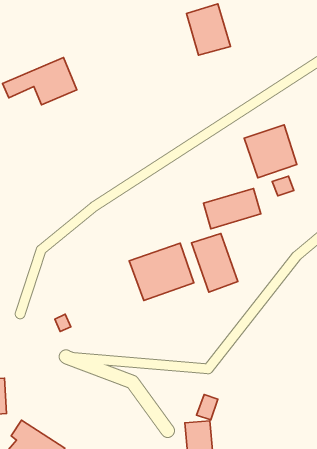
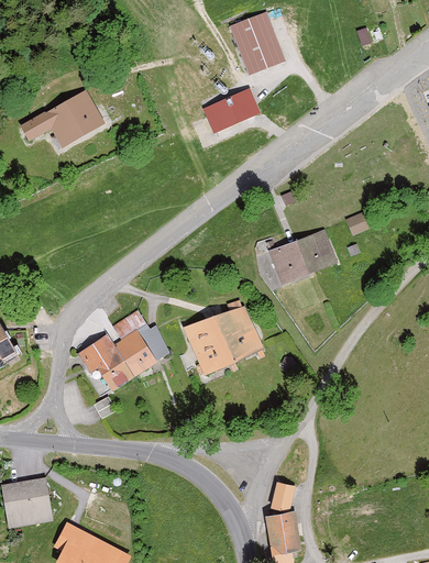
building: none -> [205,92,260,134]
building: [244,125,297,178] -> none
building: [192,233,238,292] -> none
building: none -> [79,306,167,390]

